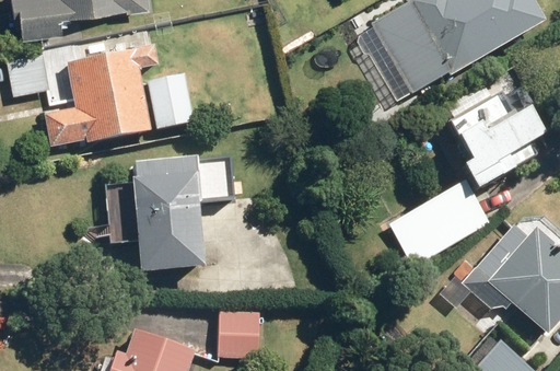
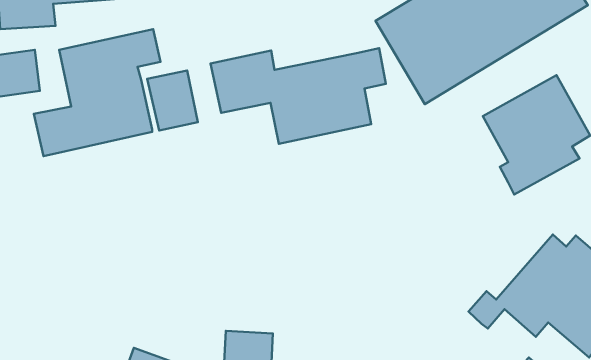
building: none -> [210,48,386,144]
building: [106,156,234,273] -> none
building: [387,178,498,271] -> none

